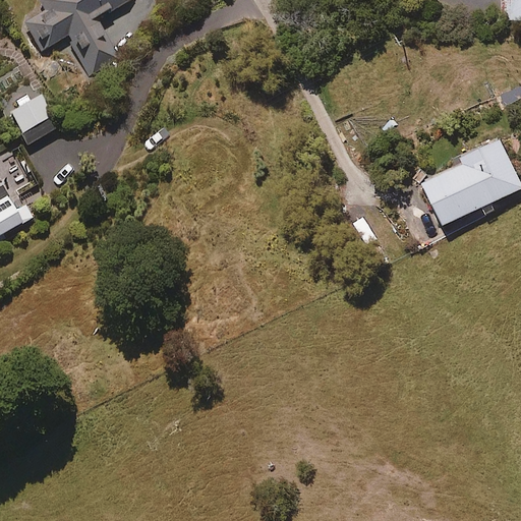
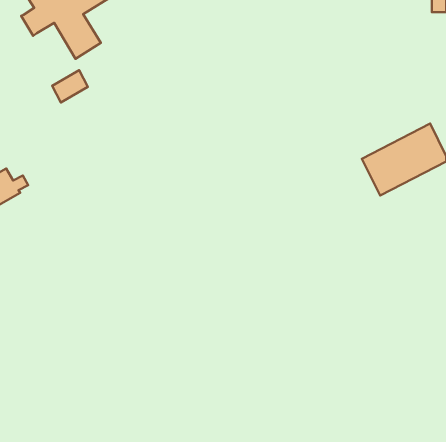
building: [11,97,53,134] -> [52,70,88,103]

